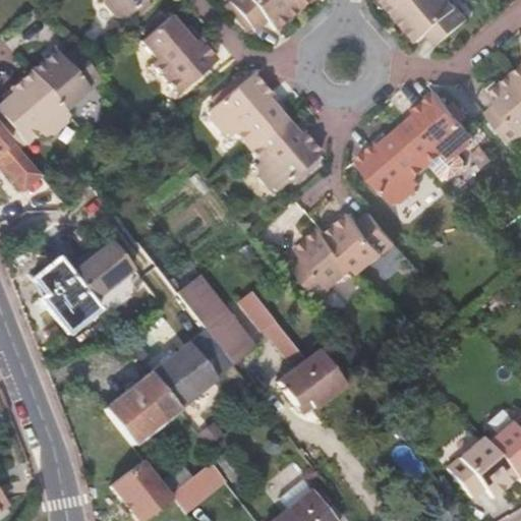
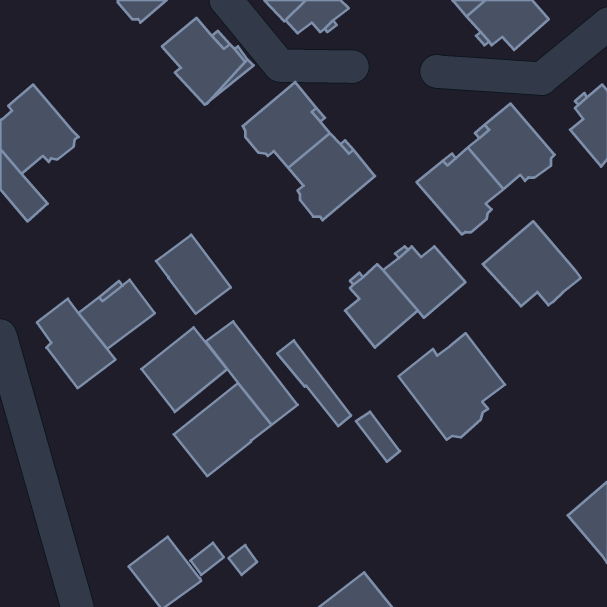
building: [30,51,100,113] -> none
building: none -> [483,221,581,306]
building: none -> [156,235,231,314]
building: none -> [399,333,505,440]
building: [276,361,332,410] -> none
building: [105,372,178,445] -> [141,327,227,412]
building: [447,437,516,498] -> none

